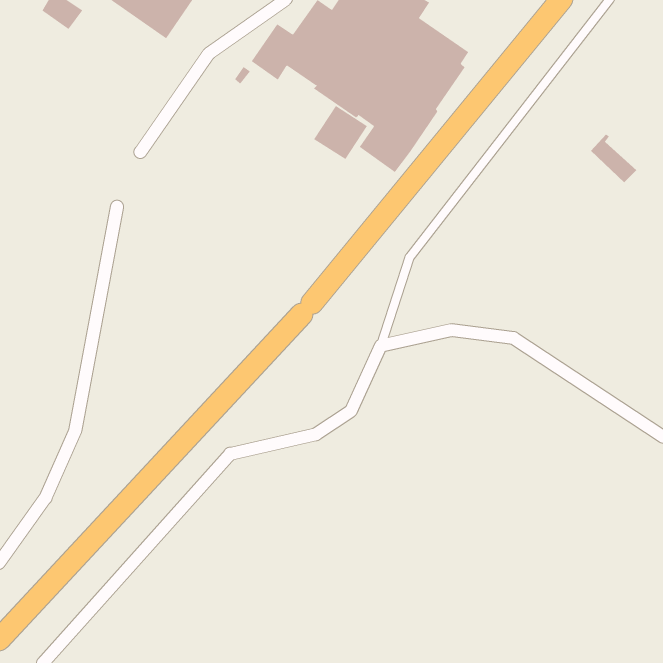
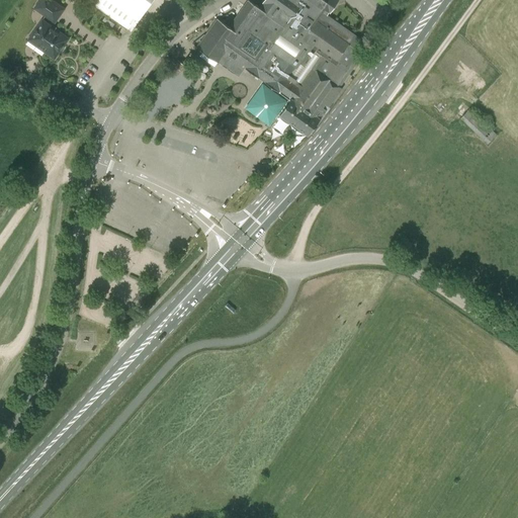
building: none -> [27,19,67,58]

